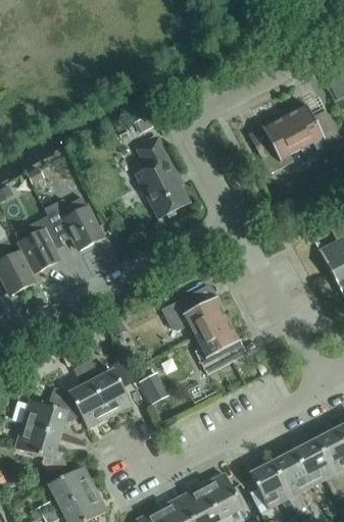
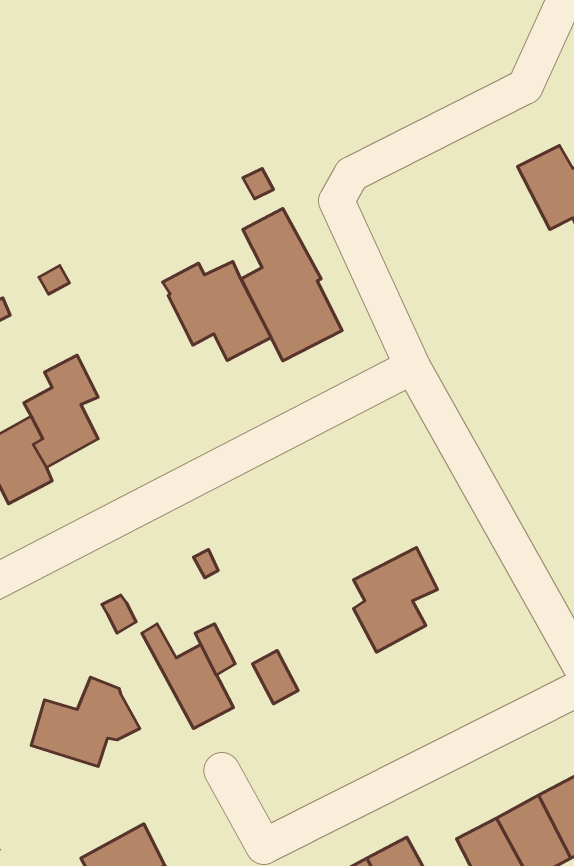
building: [255,114,300,173] -> none
building: [44,197,102,250] -> [162,261,271,360]
building: [161,290,229,335] -> none
building: [69,364,109,427] -> none
building: [15,424,65,473] -> none

